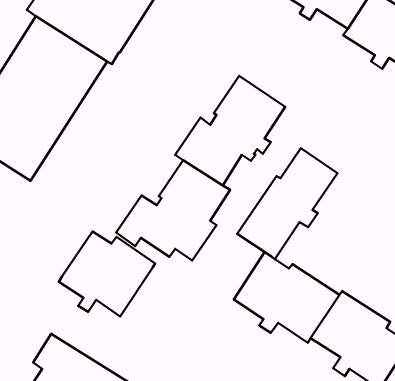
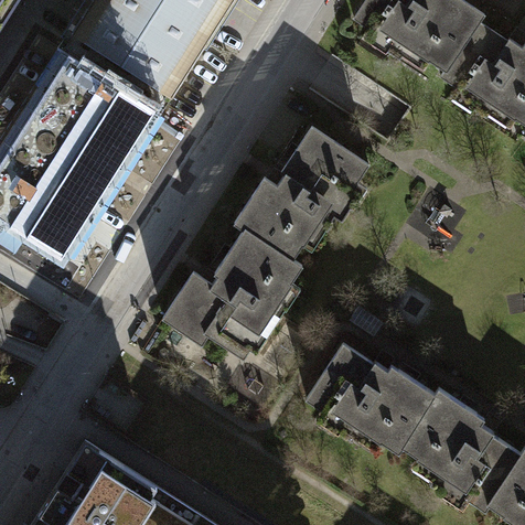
building: [237,148,338,259] -> none
building: [59,231,155,316] -> none

